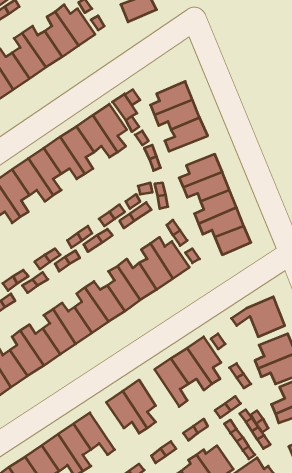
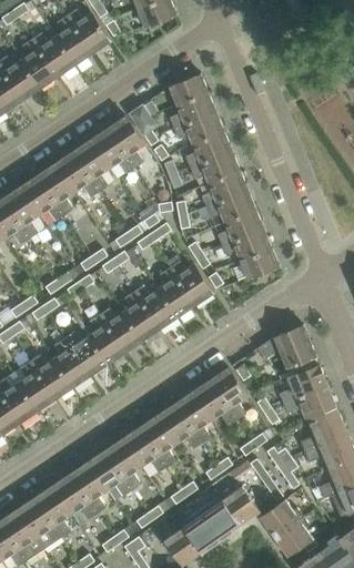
building: none -> [169,74,208,105]
building: none -> [190,151,240,183]
building: none -> [158,404,201,449]
building: none -> [104,439,141,490]

